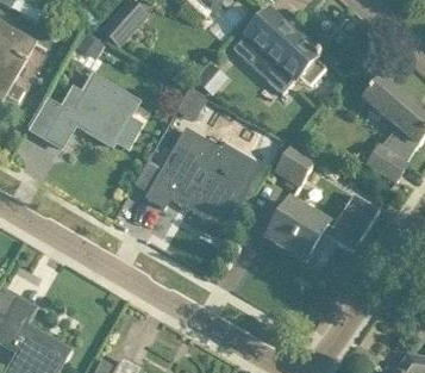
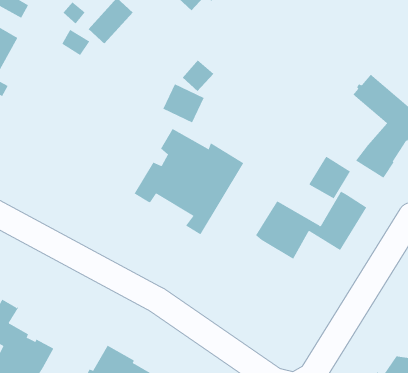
building: [232,8,321,92] -> none
building: [44,70,139,147] -> none
building: [274,142,315,185] -> [309,156,351,199]

